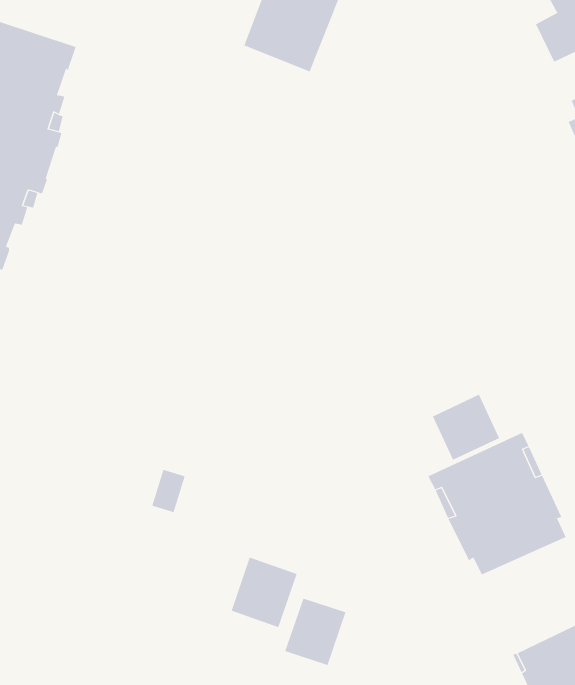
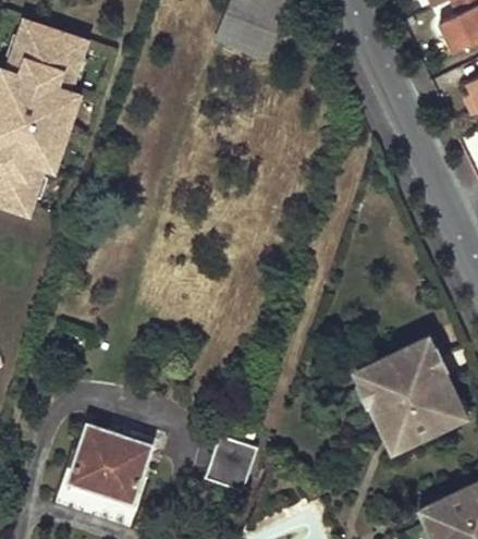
building: [432,394,500,461] -> none
building: none -> [71,426,150,501]
building: [285,598,346,666] -> none

